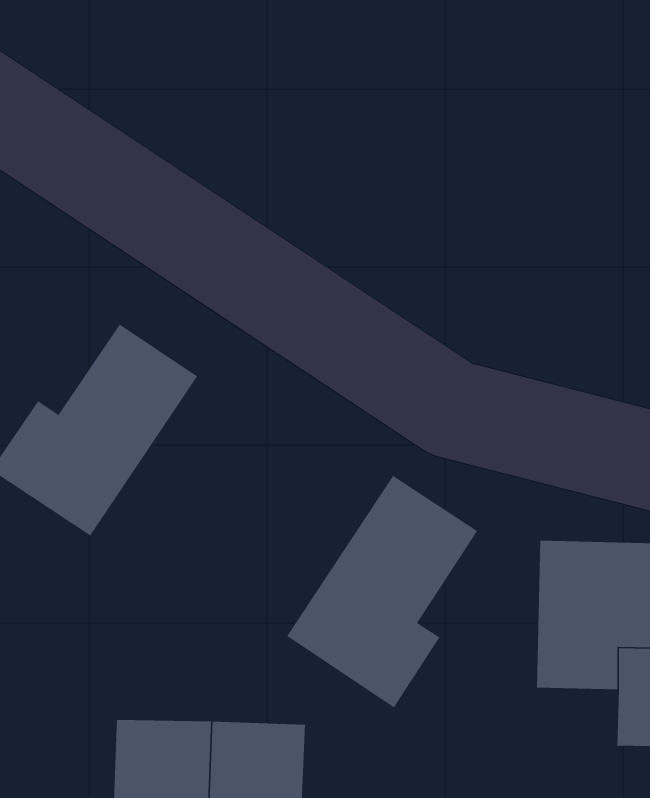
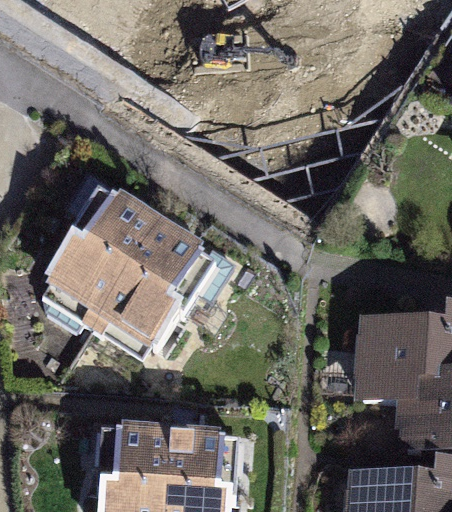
building: none -> [95,240,204,373]
building: [286,475,478,709] -> none

